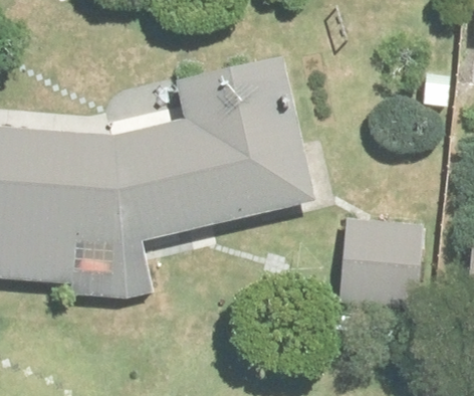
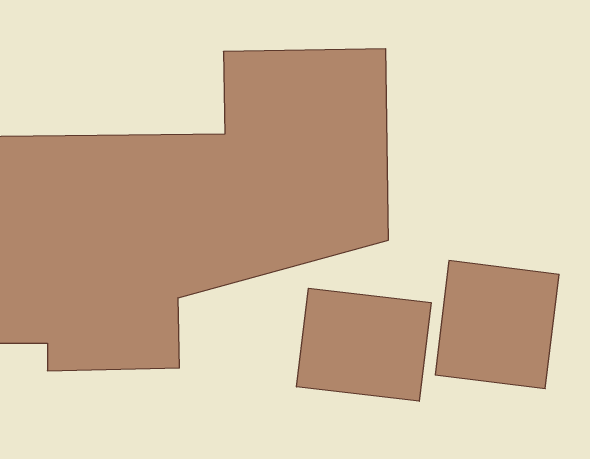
building: none -> [297,288,431,401]

